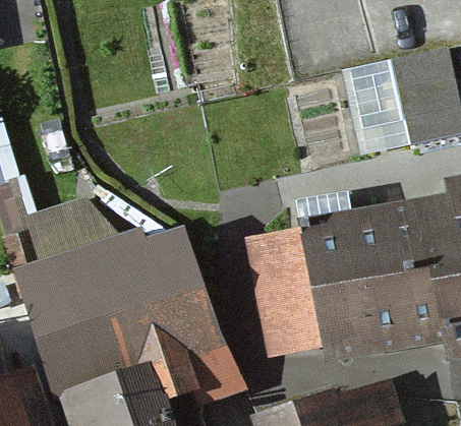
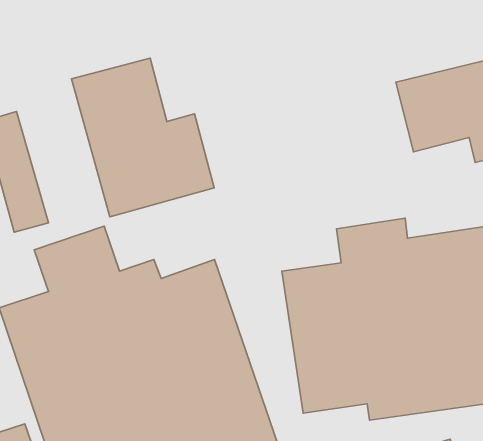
building: none -> [72,58,214,217]

